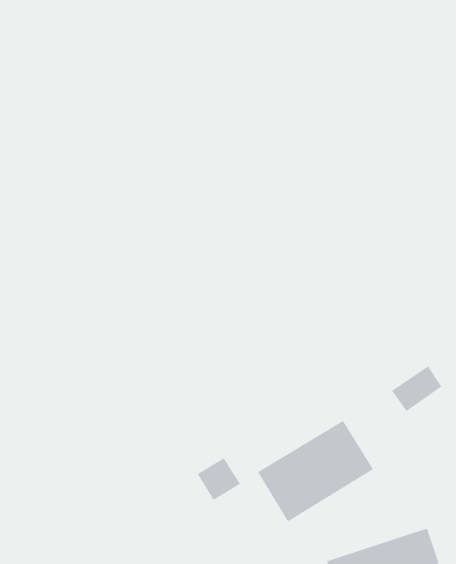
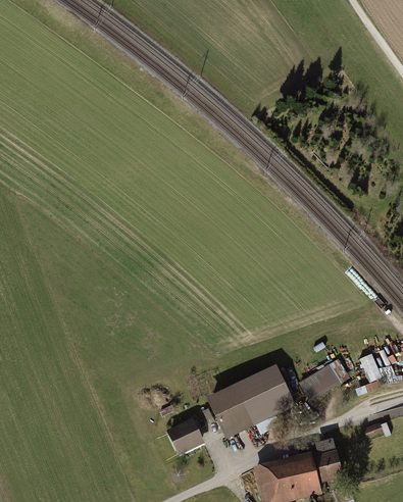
building: [391,365,442,412] -> [299,364,339,399]
building: [197,458,241,501] -> [169,419,203,452]

